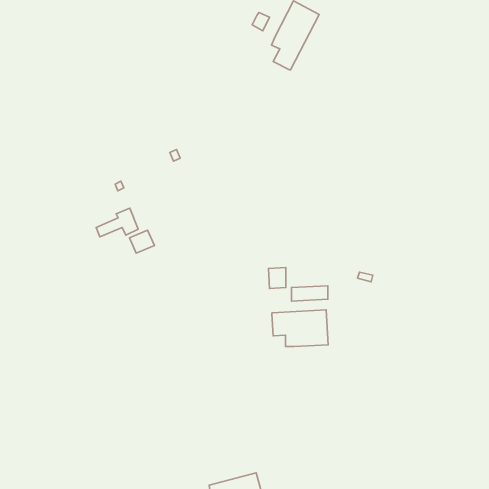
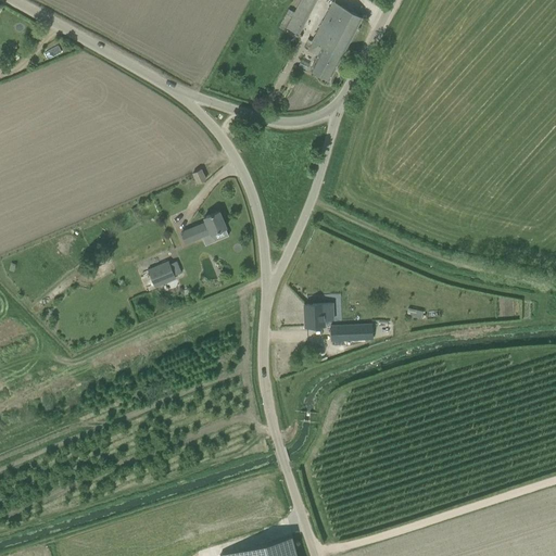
building: [96,208,138,237] -> [180,212,228,244]
building: [272,310,328,347] -> none

